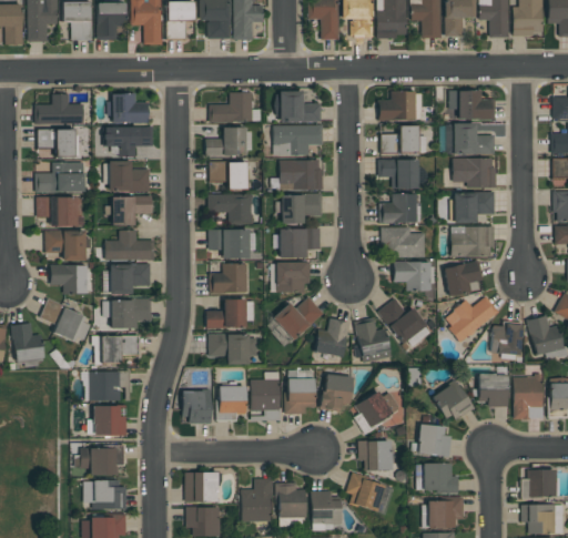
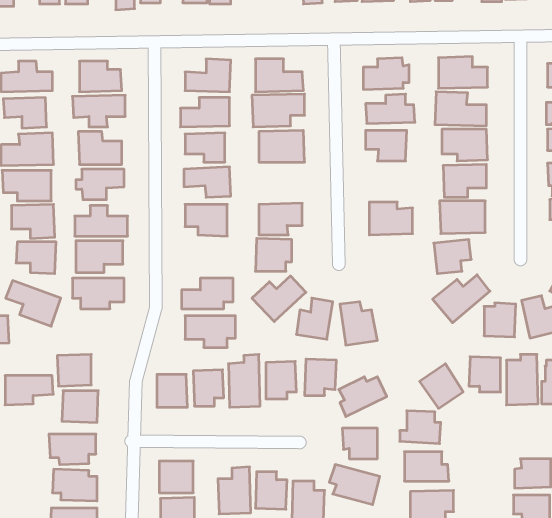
building: [282,194,323,224] -> none
building: [379,194,416,223] -> none
building: [394,262,430,292] -> none
building: [211,264,246,294] -> none
building: [379,298,432,349] -> none
building: [94,336,140,364] -> [5,376,53,405]

